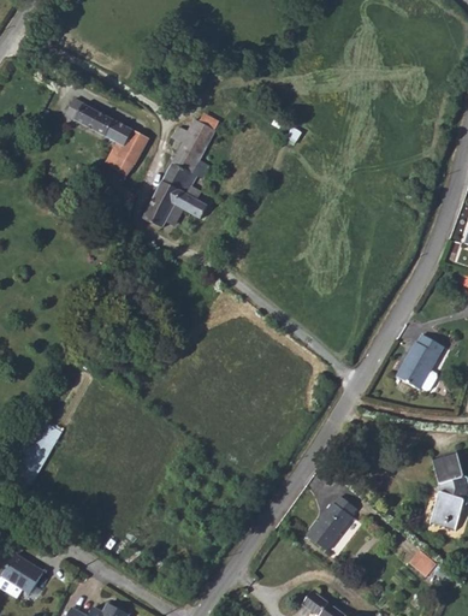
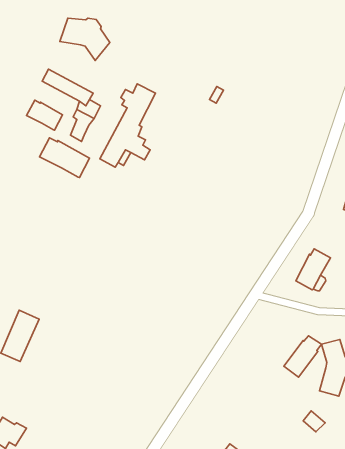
building: none -> [60,18,110,60]
building: none -> [27,100,63,130]
building: none -> [40,138,90,177]
building: [307,496,356,550] -> [284,336,321,377]

